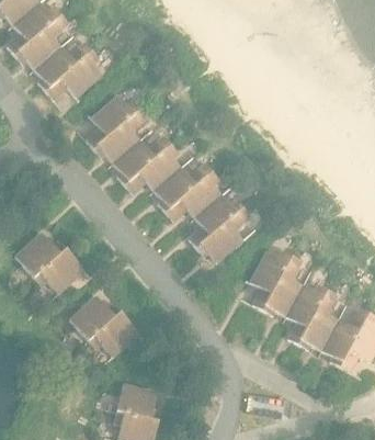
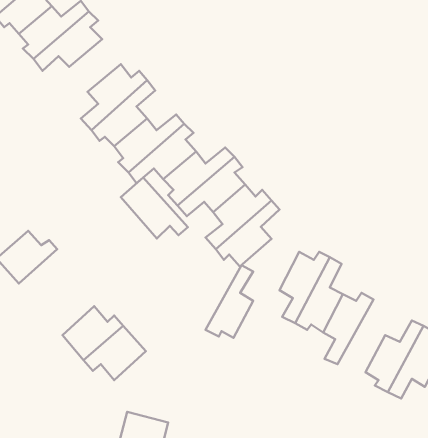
building: none -> [121,178,188,238]
building: [33,248,84,293] -> none
building: [297,290,337,350] -> [206,265,253,338]

